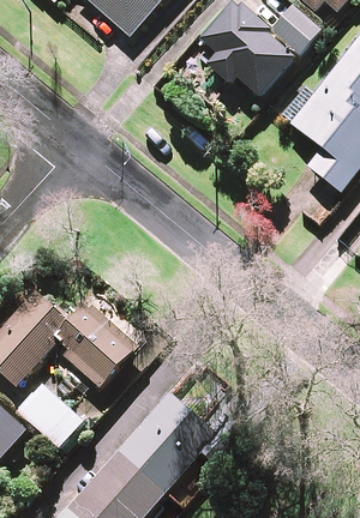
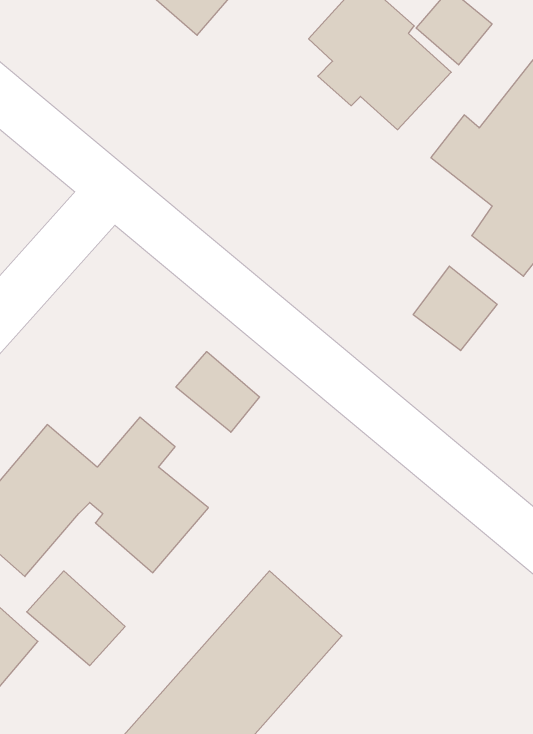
building: none -> [413,266,497,351]
building: none -> [176,352,260,432]

